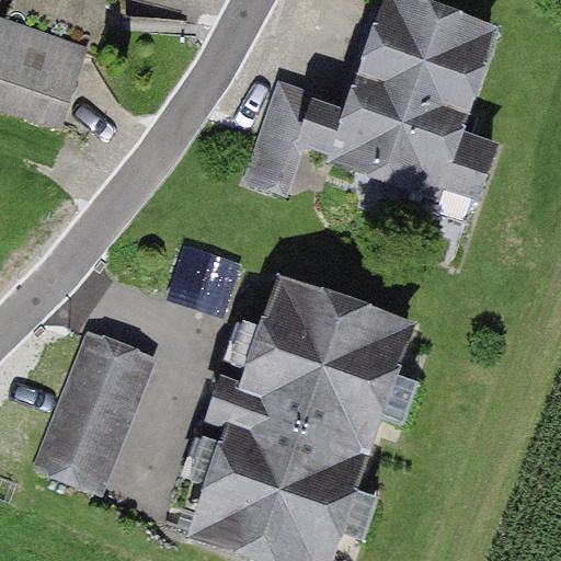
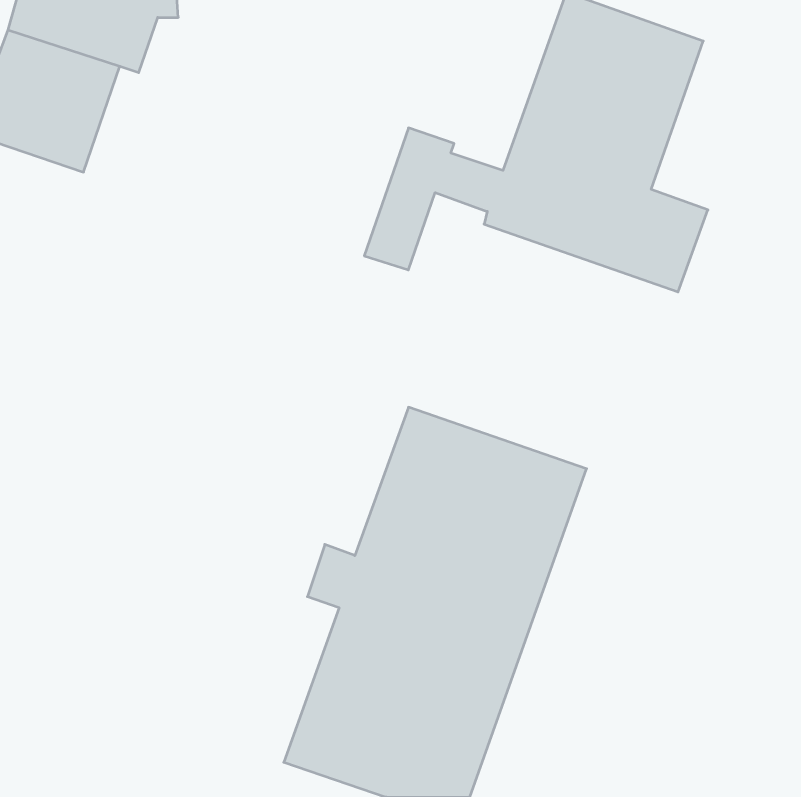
building: [37,331,147,484] -> none

